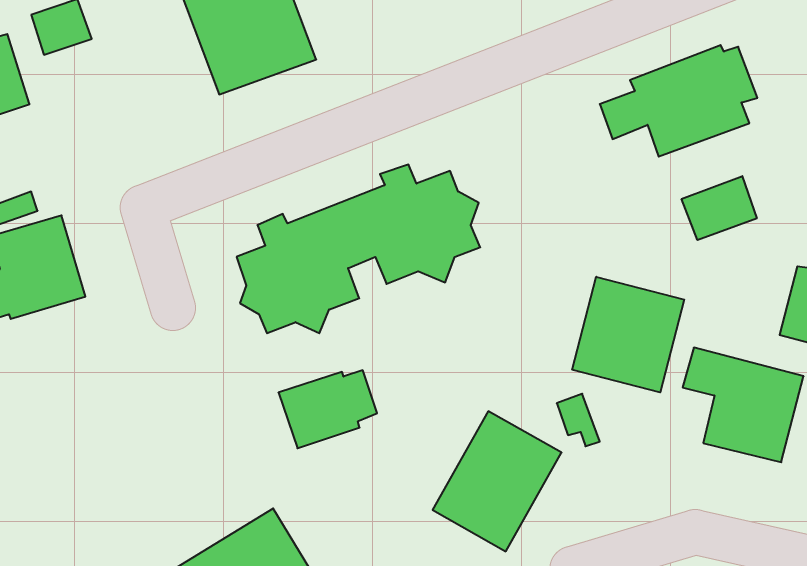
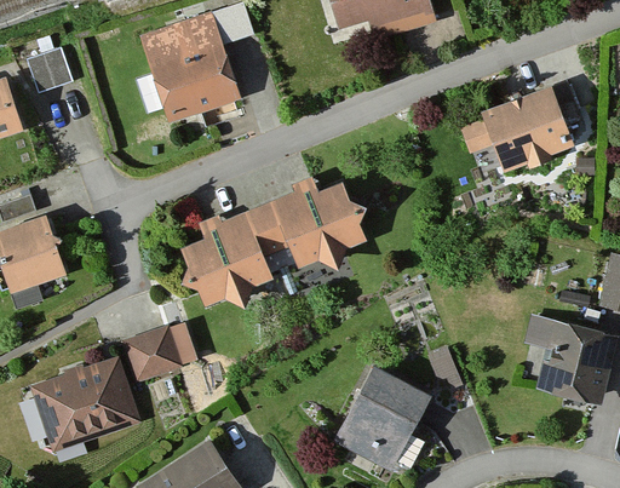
building: [682,176,757,240] -> none
building: [572,277,684,392] -> none
building: [278,370,377,448] -> [120,326,195,385]
building: none -> [31,360,139,453]

